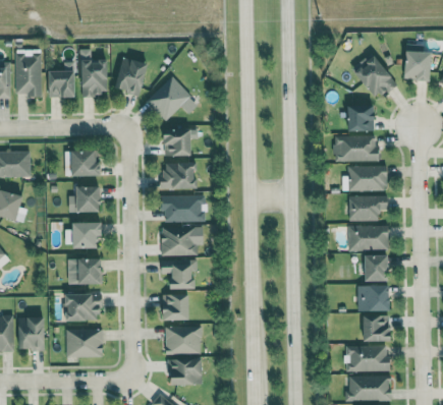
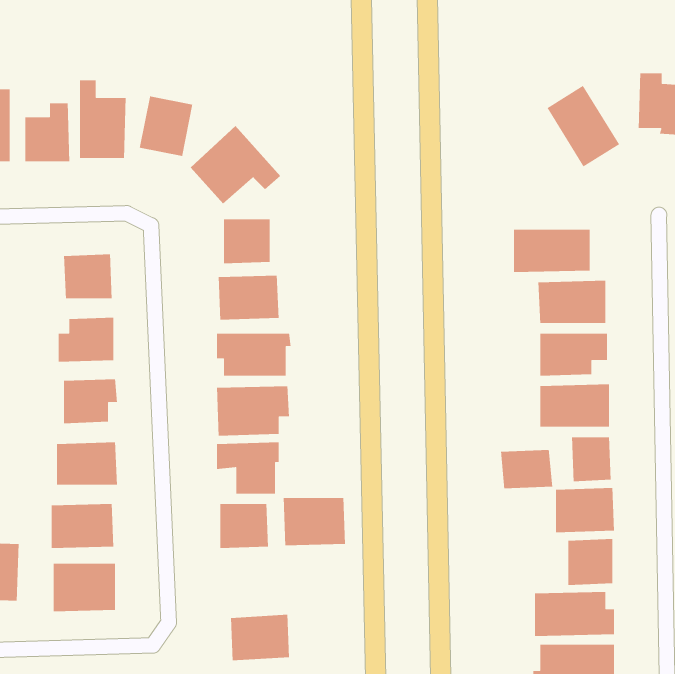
building: [347,105,375,131] -> none
building: none -> [500,449,553,489]
building: [164,326,201,354] -> [283,497,346,546]

